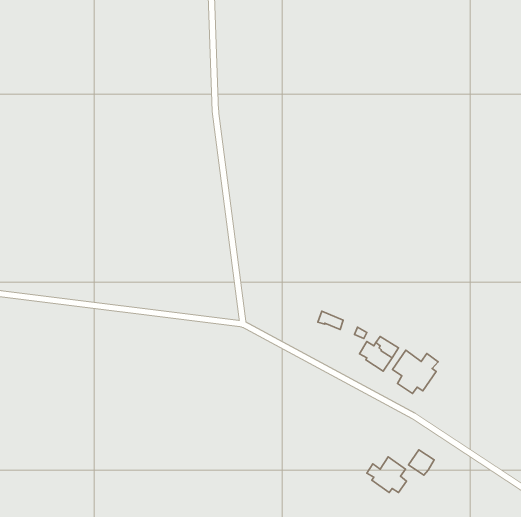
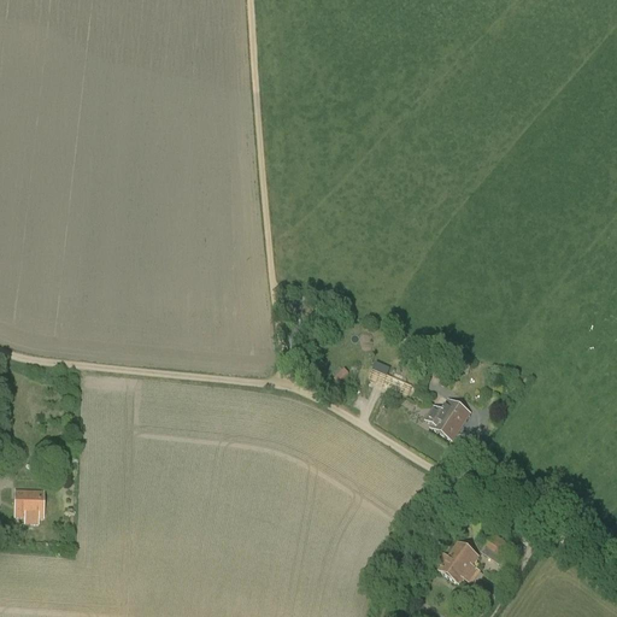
building: [393,350,438,394] -> none
building: none -> [16,489,45,522]

